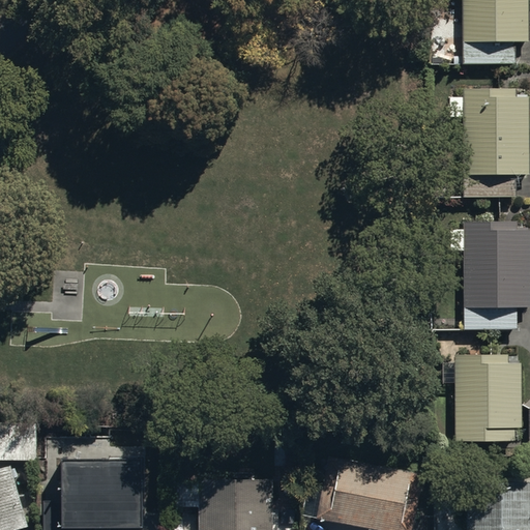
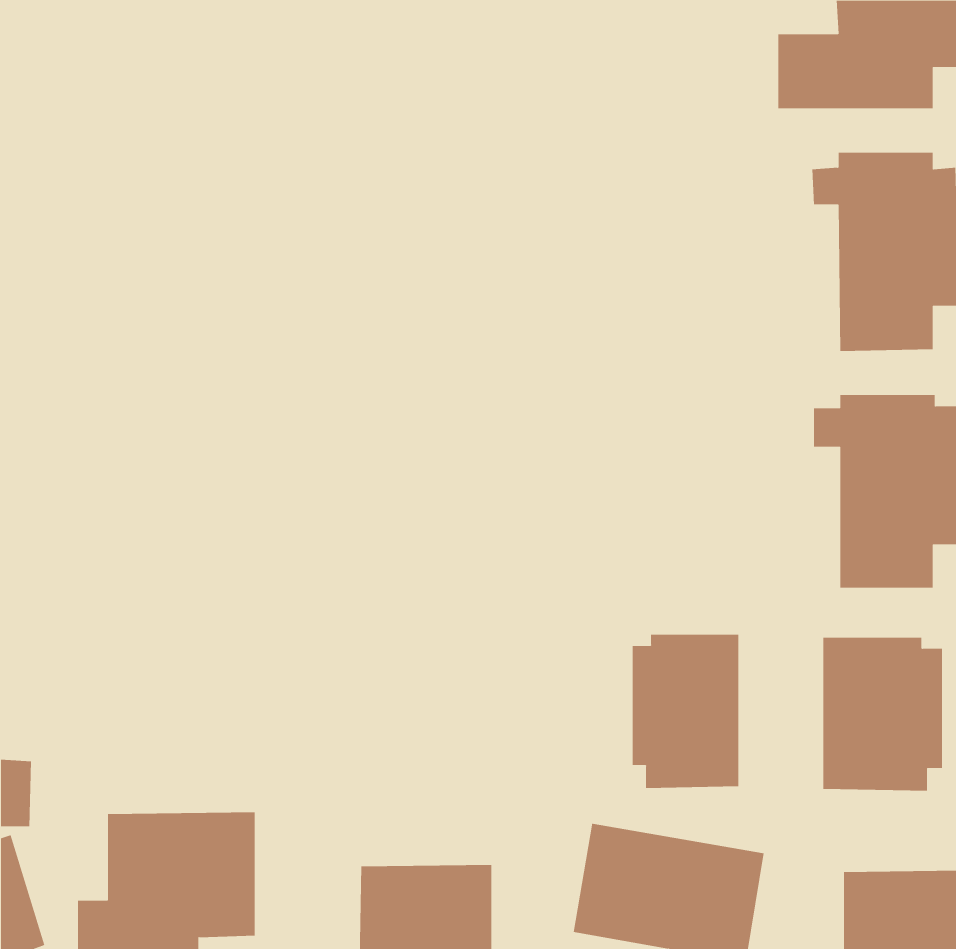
building: none -> [632,634,739,789]

